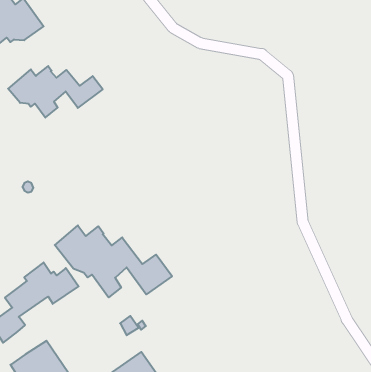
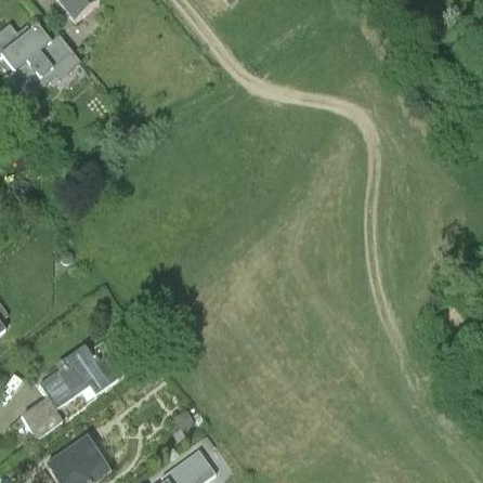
building: [8,66,103,118] -> none
building: [55,225,172,297] -> none

